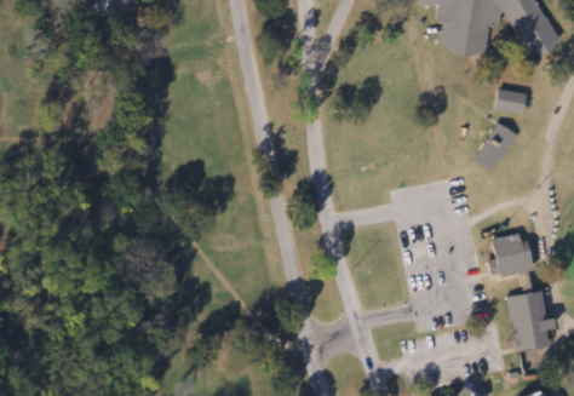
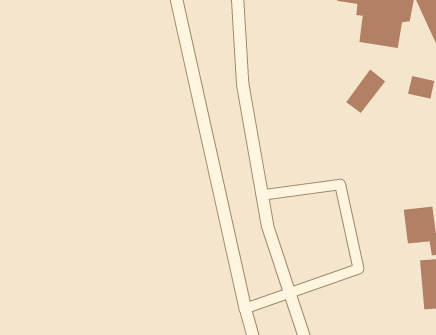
building: [476,120,522,171] -> [345,69,386,114]

